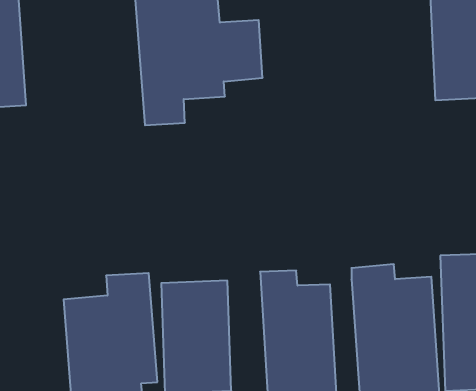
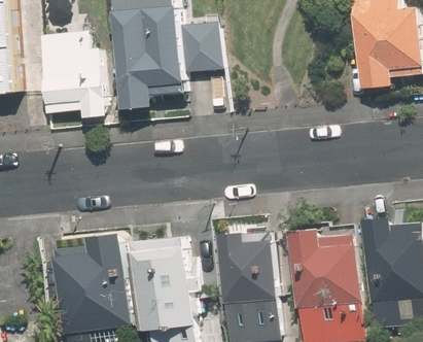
building: none -> [35,33,107,118]

